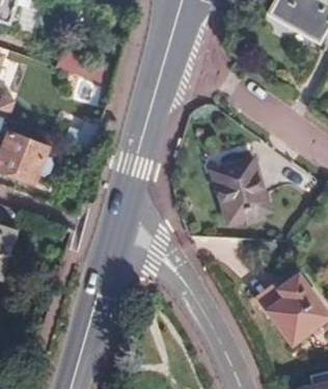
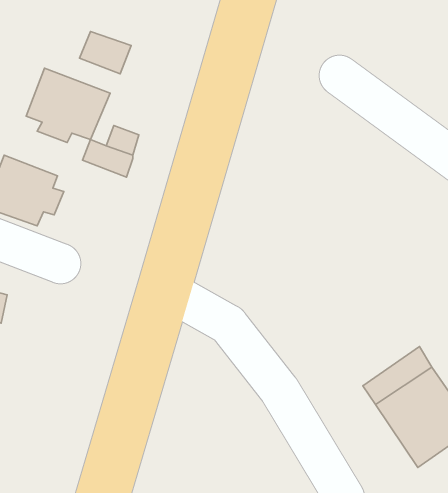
building: none -> [26,68,110,142]
building: [210,157,267,221] -> none

